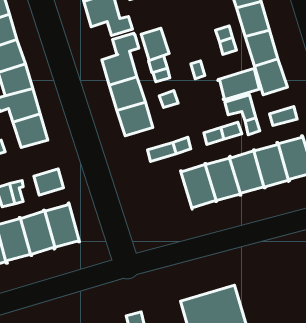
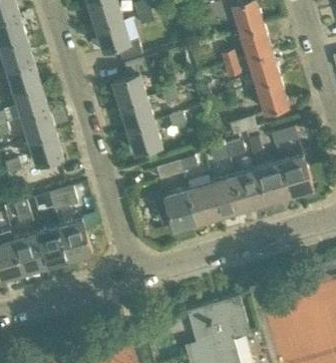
building: [141,28,169,61] -> none
building: [218,68,261,100] -> none
building: none -> [154,188,198,231]

